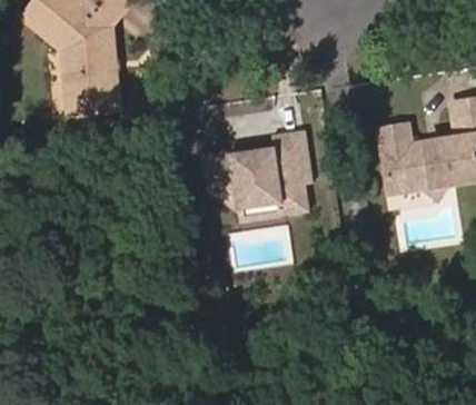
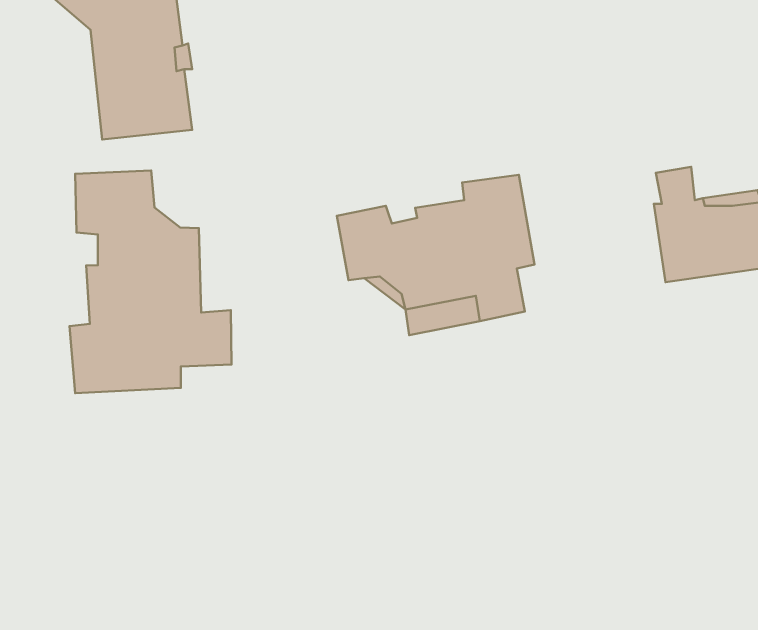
building: none -> [70,171,231,393]

